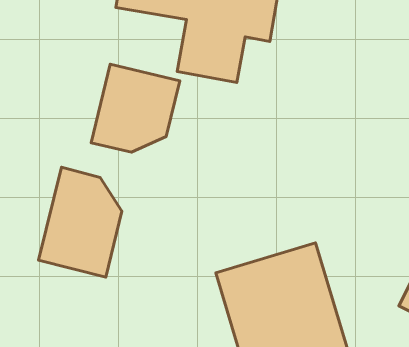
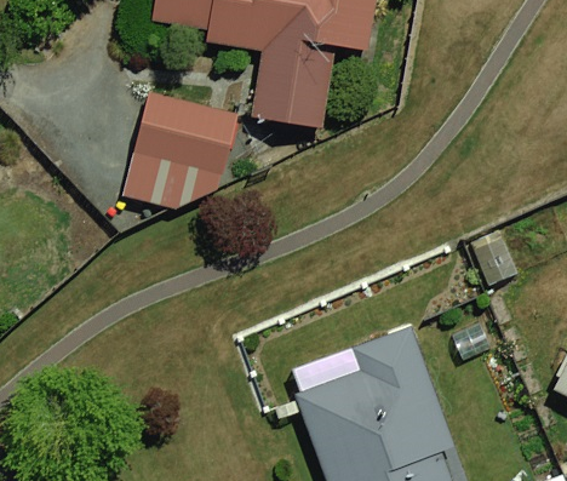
building: [39,167,122,277] -> none

